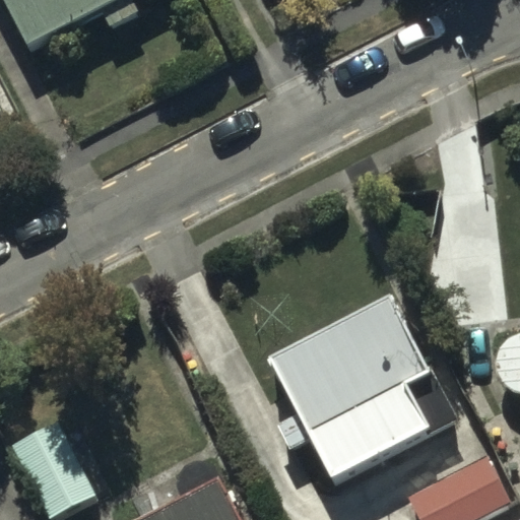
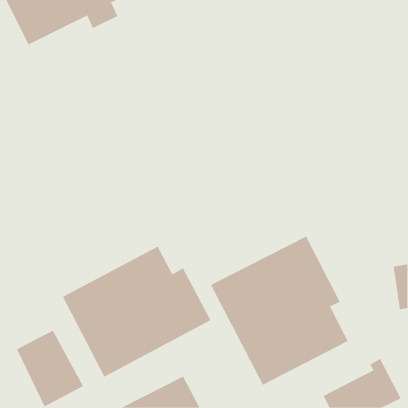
building: none -> [62,246,211,377]

